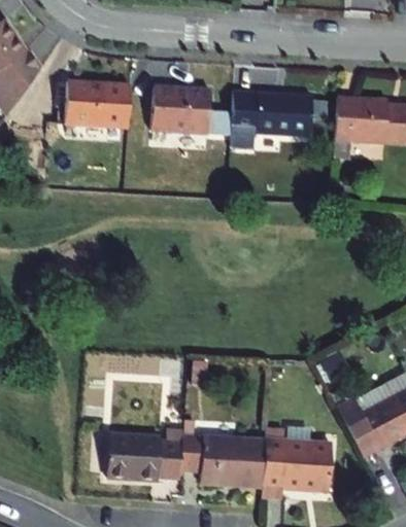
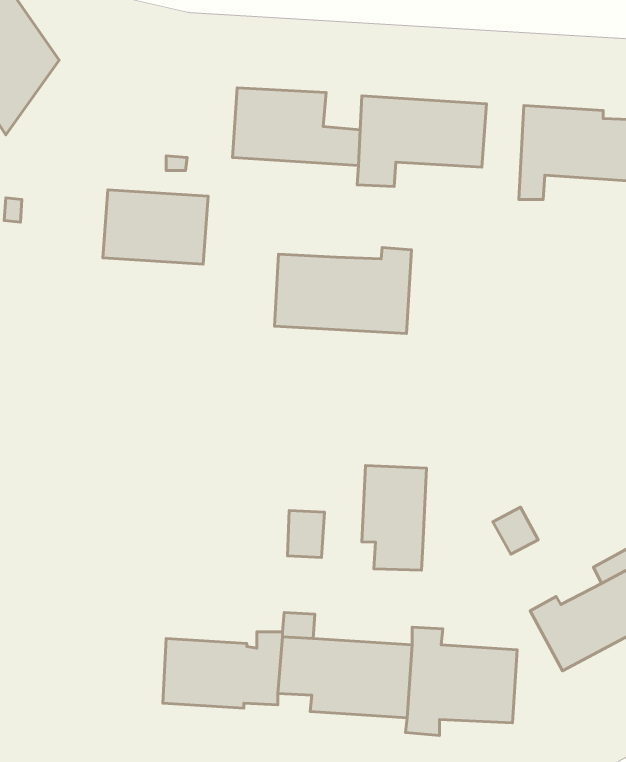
building: [64,79,131,127] -> [103,190,208,264]
building: none -> [275,247,411,334]
building: none -> [362,465,427,570]

